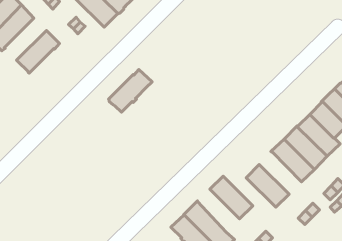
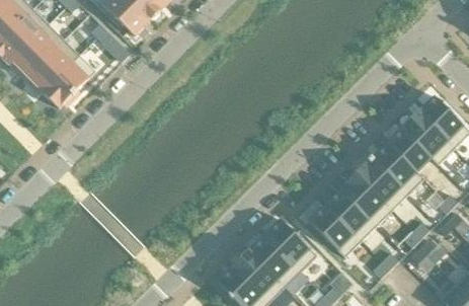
building: none -> [11,23,63,75]
building: [108,69,152,112] -> [42,55,95,107]
building: none -> [324,187,376,240]
building: none -> [248,234,300,287]

